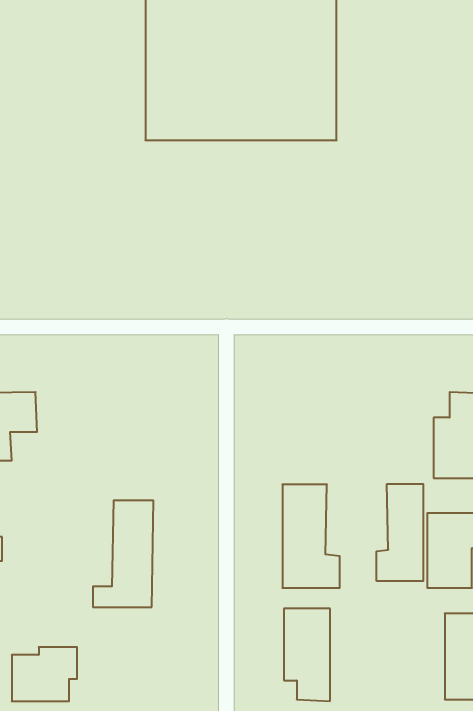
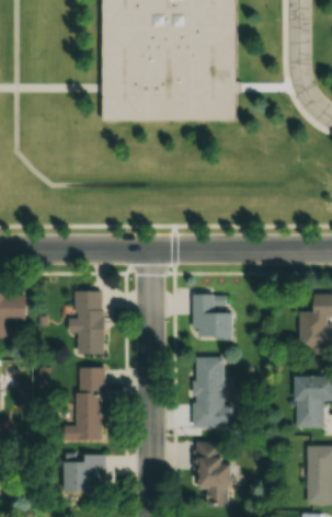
building: none -> [72,290,105,354]
building: none -> [193,294,232,338]
building: [377,484,423,581] -> none
building: [12,647,77,701] -> [64,455,108,492]

